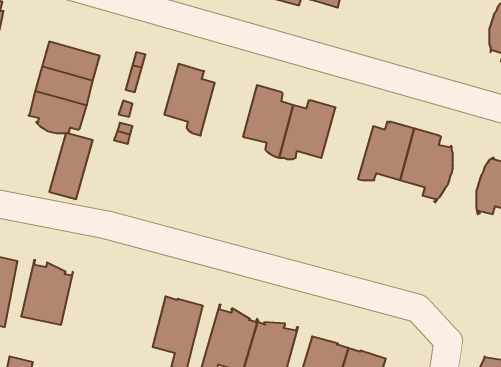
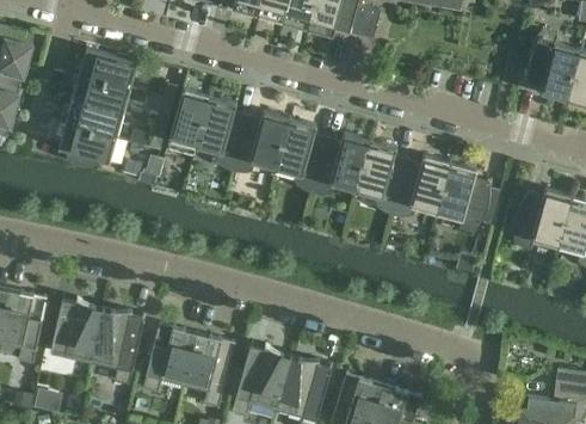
building: none -> [79,49,137,88]
building: none -> [233,111,290,171]
building: none -> [356,141,408,214]
building: [49,133,93,199] -> [166,90,210,156]
building: none -> [91,309,144,386]
building: none -> [142,324,197,393]

